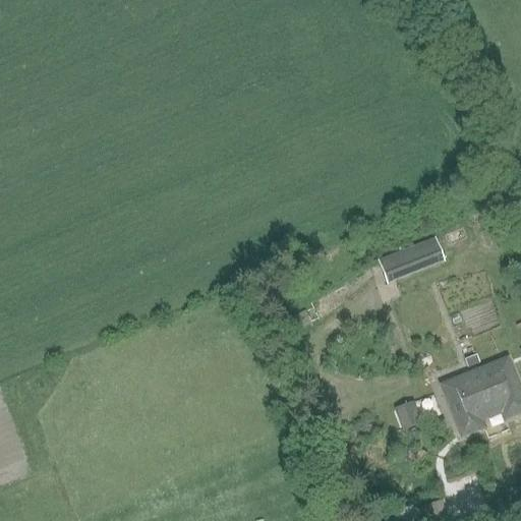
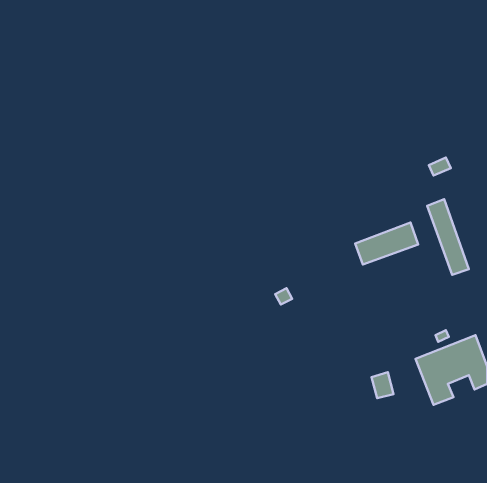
building: none -> [427,199,469,275]

